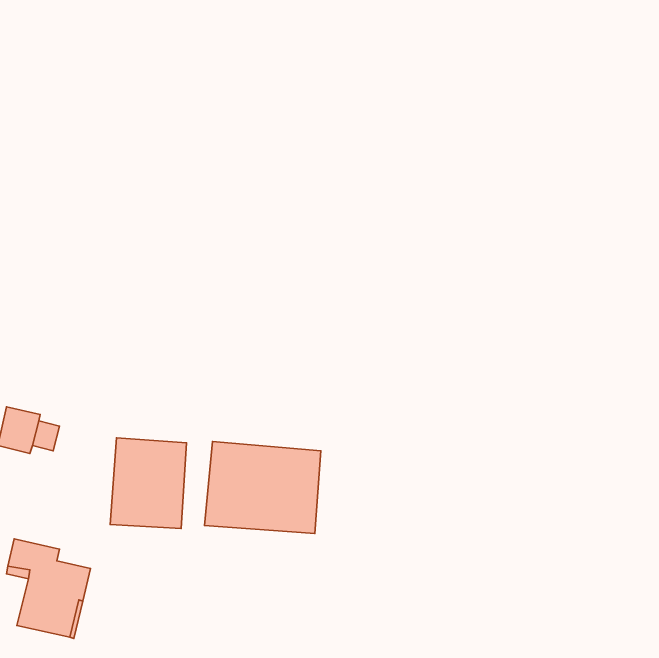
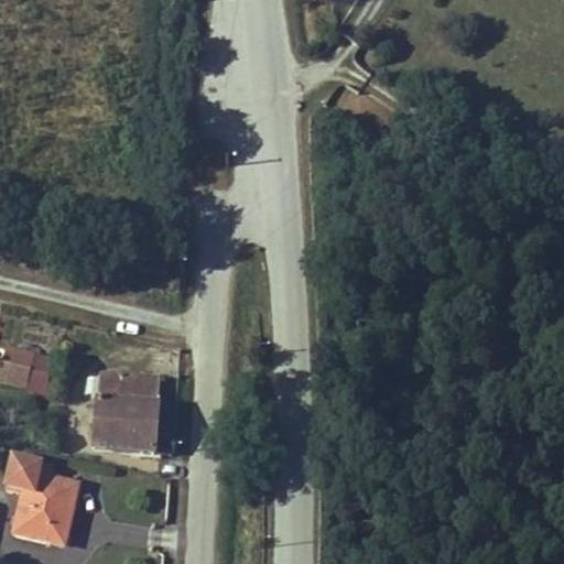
building: [204,441,321,533] -> none

